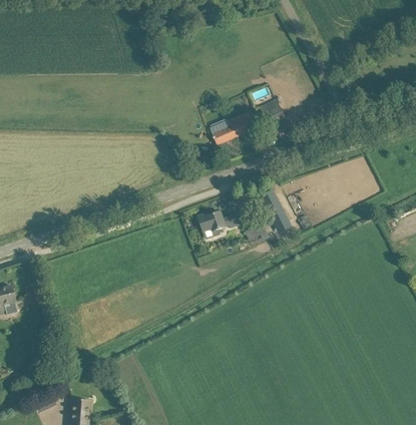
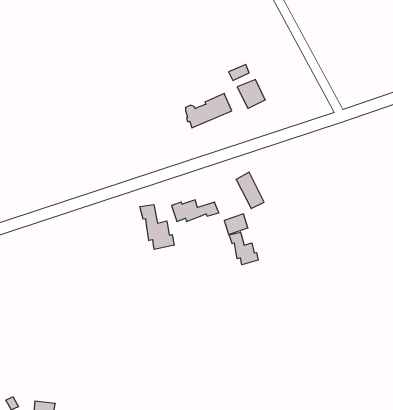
building: none -> [140,205,174,249]
building: none -> [229,232,258,265]

